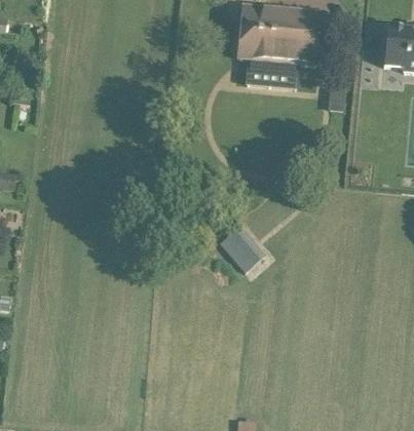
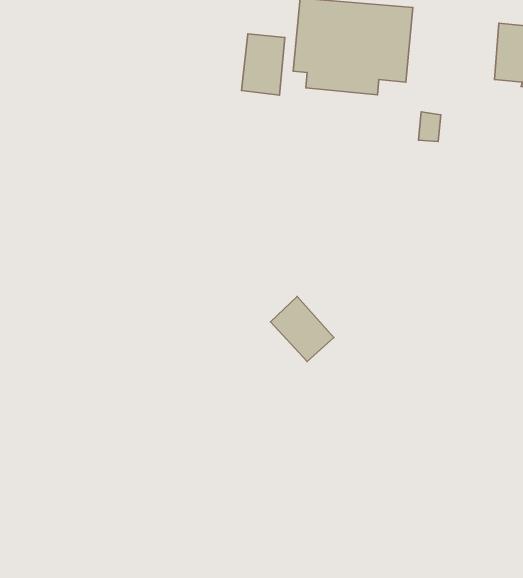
building: none -> [241,34,285,95]

